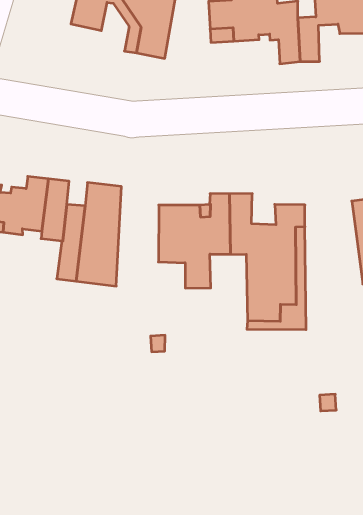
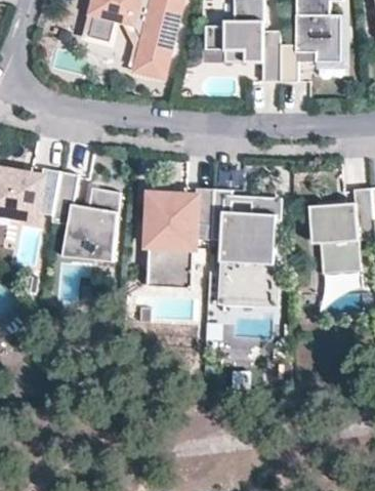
building: none -> [147,244,192,289]

